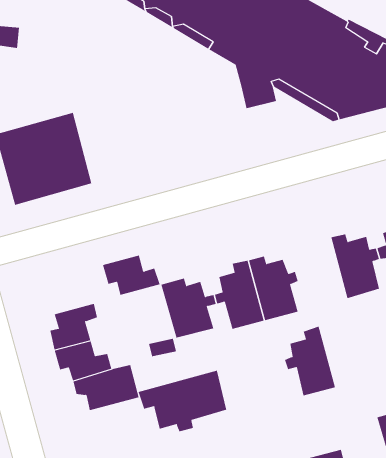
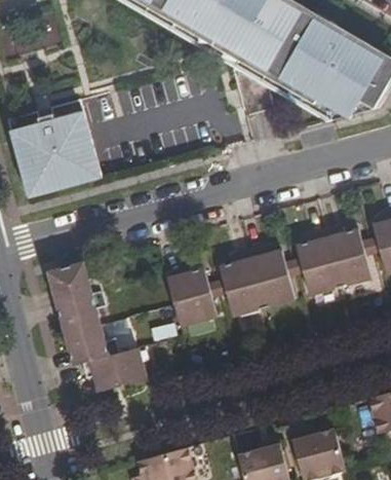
building: [102,255,160,295] -> [48,262,103,300]
building: [284,326,336,396] -> [290,228,339,294]
building: [138,370,227,432] -> none

